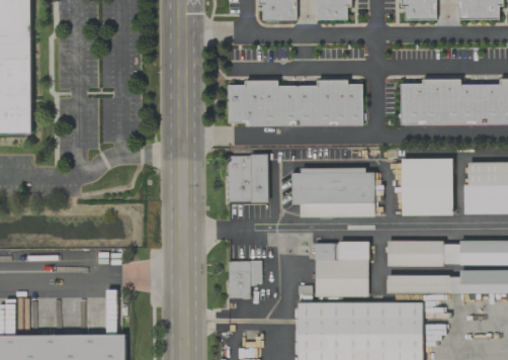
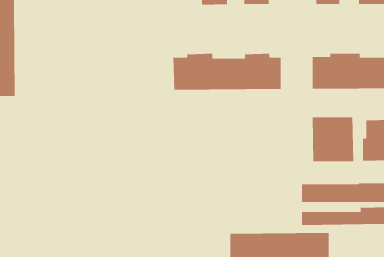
building: [226,155,268,203] -> none
building: [290,168,374,217] -> none
building: [314,243,367,297] -> none
building: [227,261,260,298] -> none

